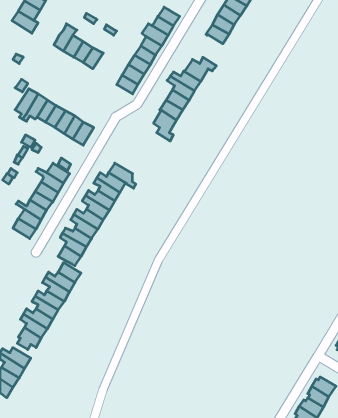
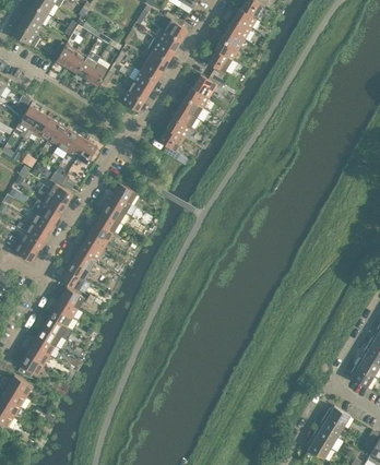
building: none -> [209,49,233,82]

